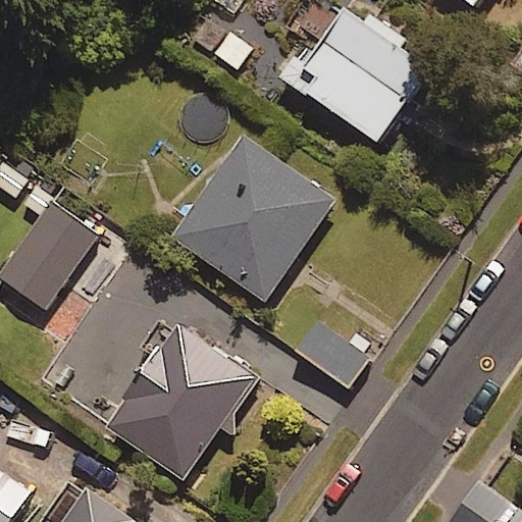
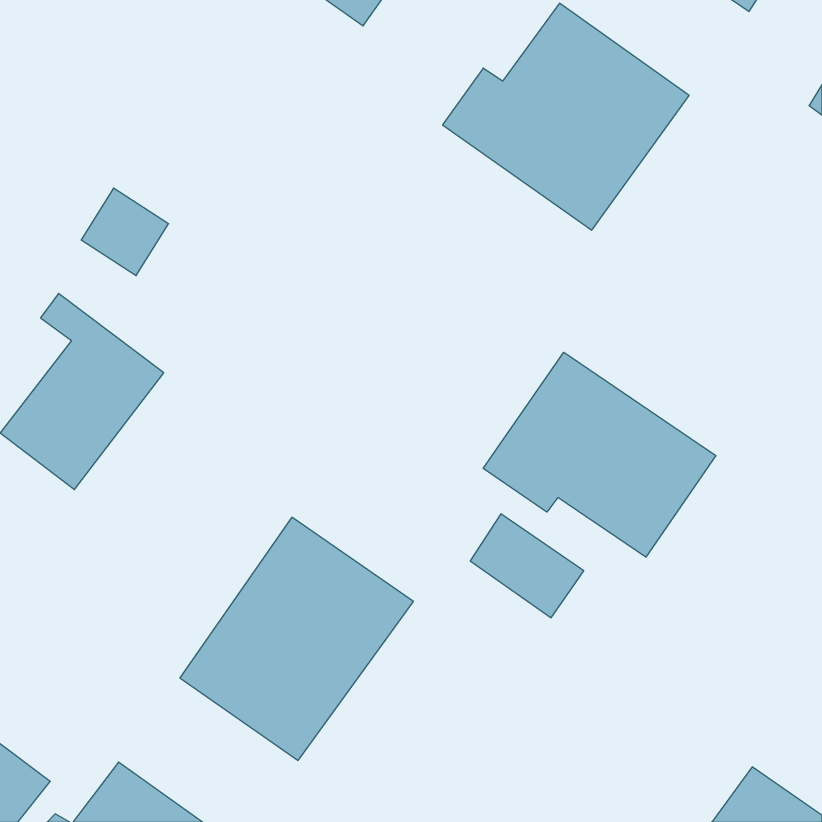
building: [172,140,331,302] -> none
building: none -> [483,352,716,557]

